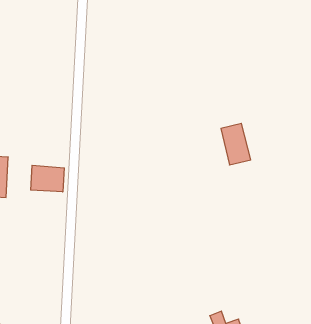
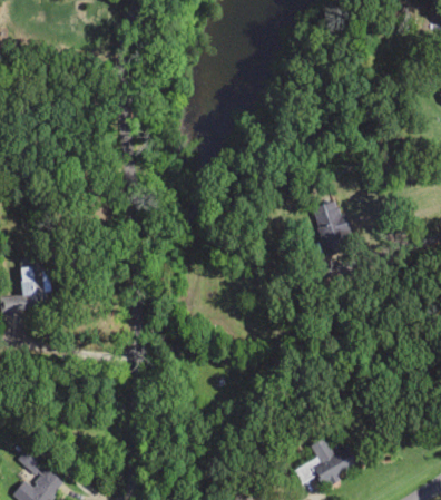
building: [31,165,64,192] -> none

